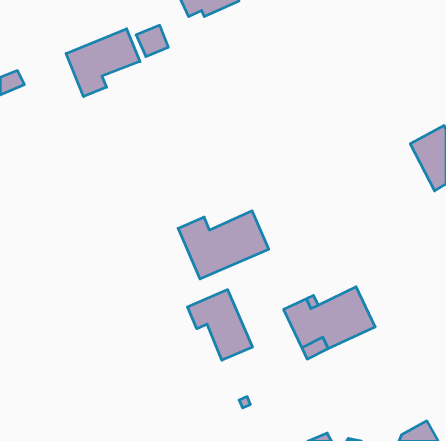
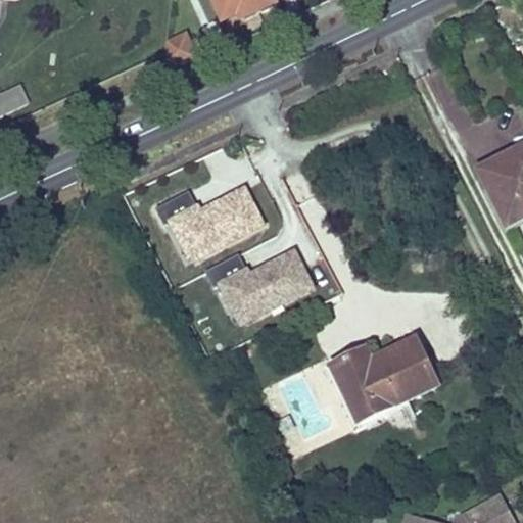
building: [66,29,140,97] -> none
building: none -> [155,185,266,267]
building: [187,290,252,360] -> none

